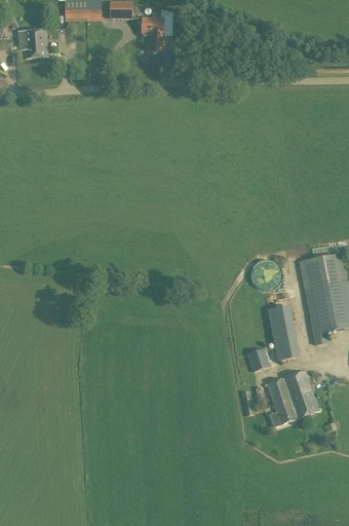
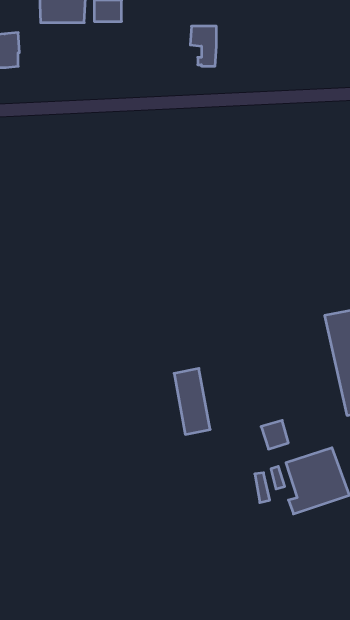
building: [142,16,163,49] -> [190,26,216,66]
building: [268,305,298,360] -> [174,368,210,434]

